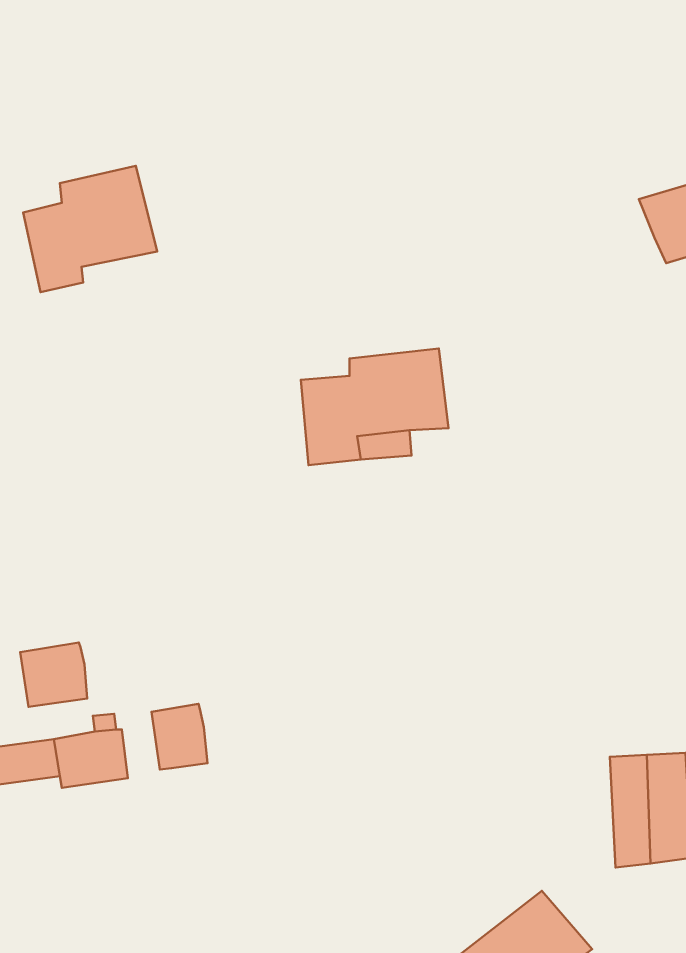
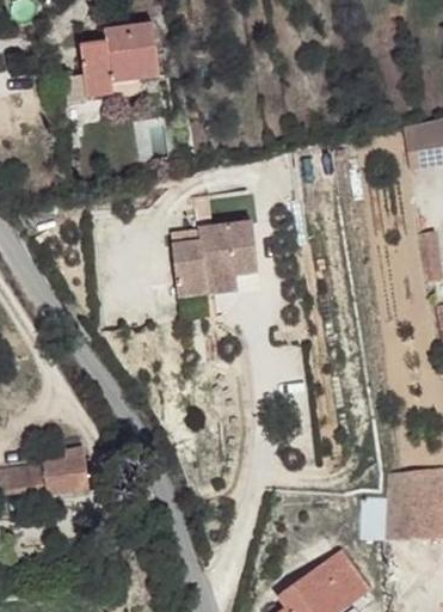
building: [23,166,157,292] -> [81,19,164,97]
building: [20,643,87,707] -> none
building: [151,704,207,770] -> none

